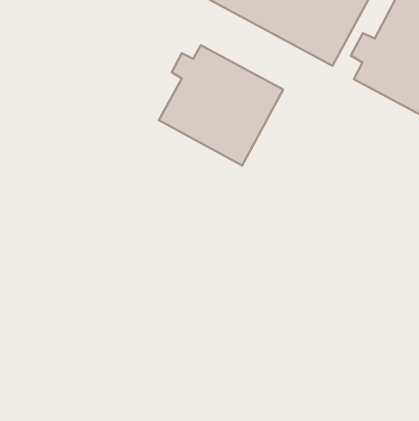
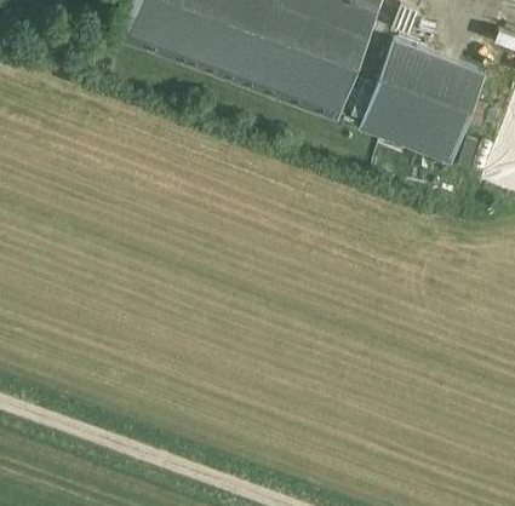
building: [159,45,283,166] -> none

